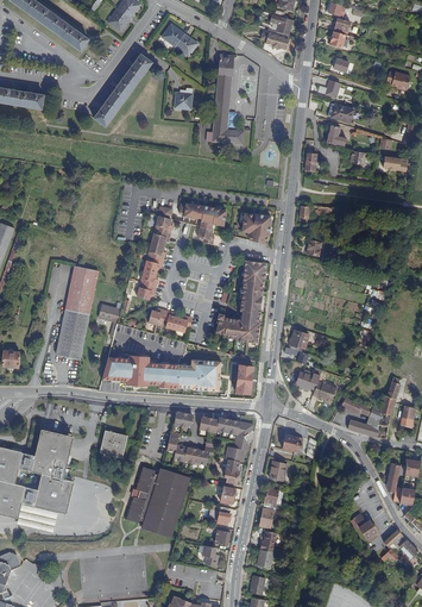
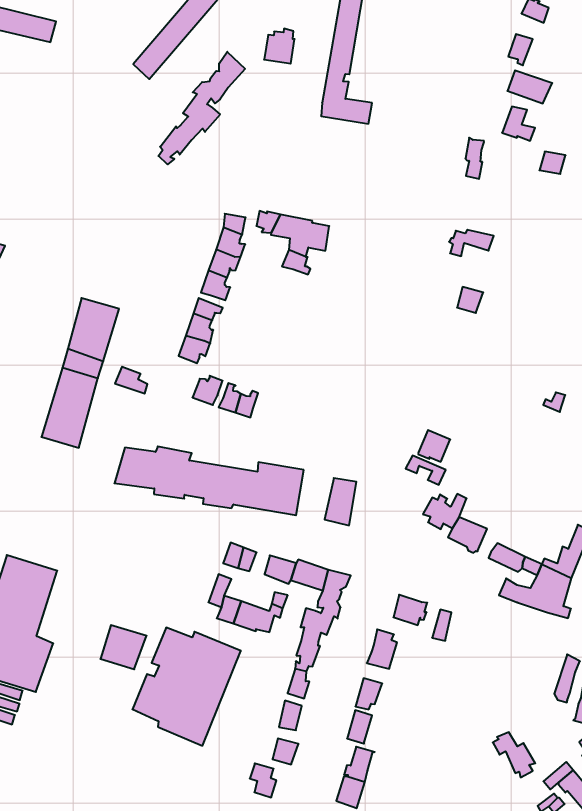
building: none -> [158,52,245,164]
building: [240,213,270,243] -> none
building: [215,259,265,343] -> none
building: [100,430,127,456] -> [100,625,147,669]

